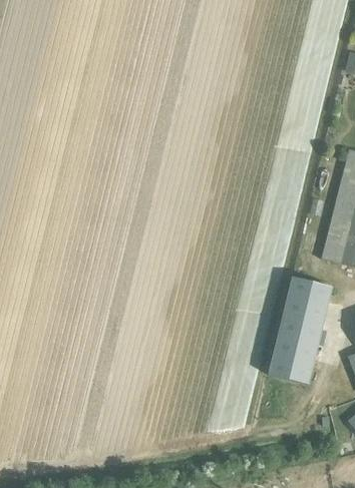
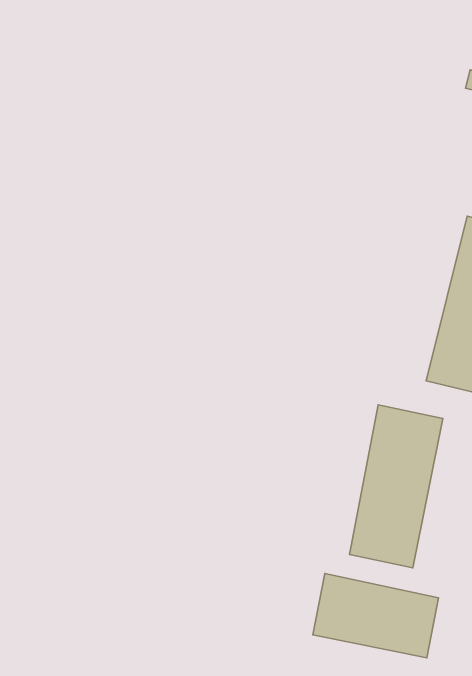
building: none -> [313,574,438,658]

